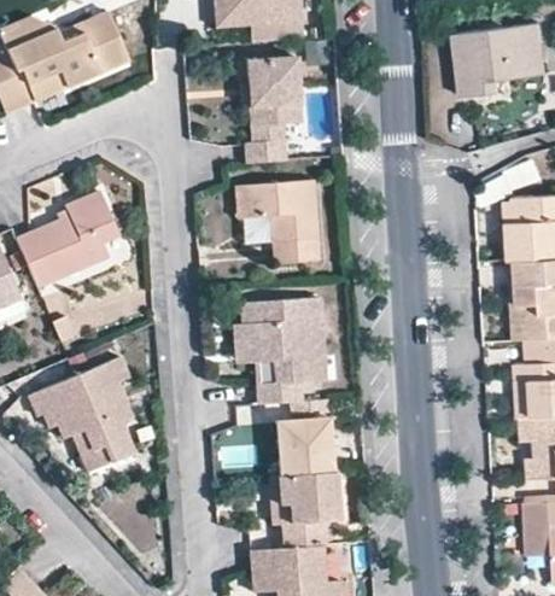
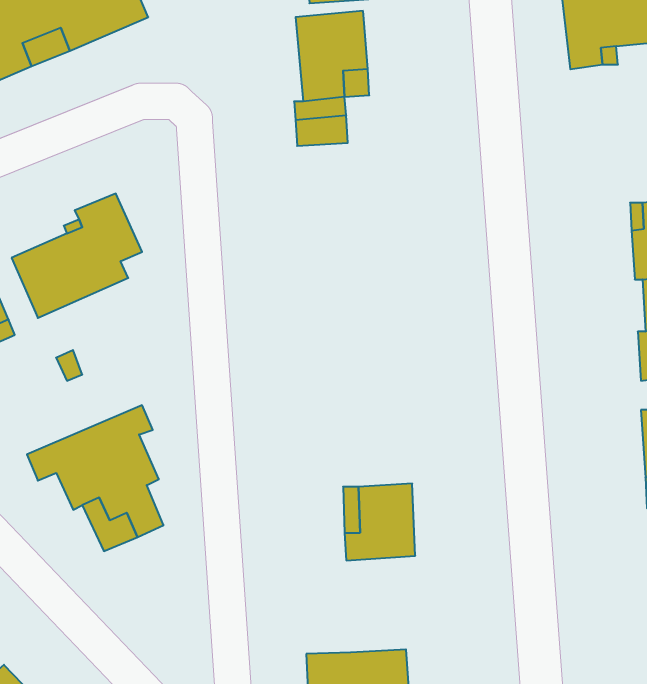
building: [241,183,323,267] -> none
building: [239,304,335,411] -> none
building: [282,478,345,554] -> none

